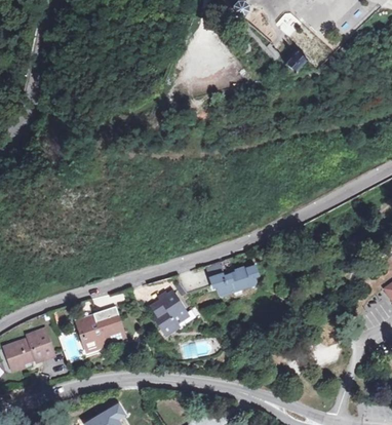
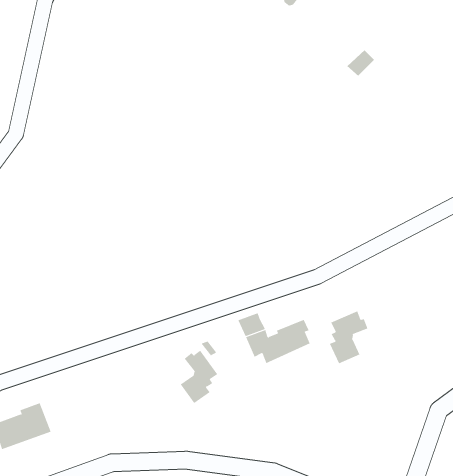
building: none -> [329,311,368,364]
building: [77,306,124,351] -> none

